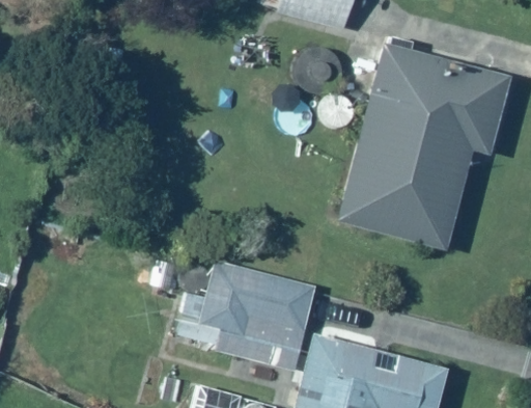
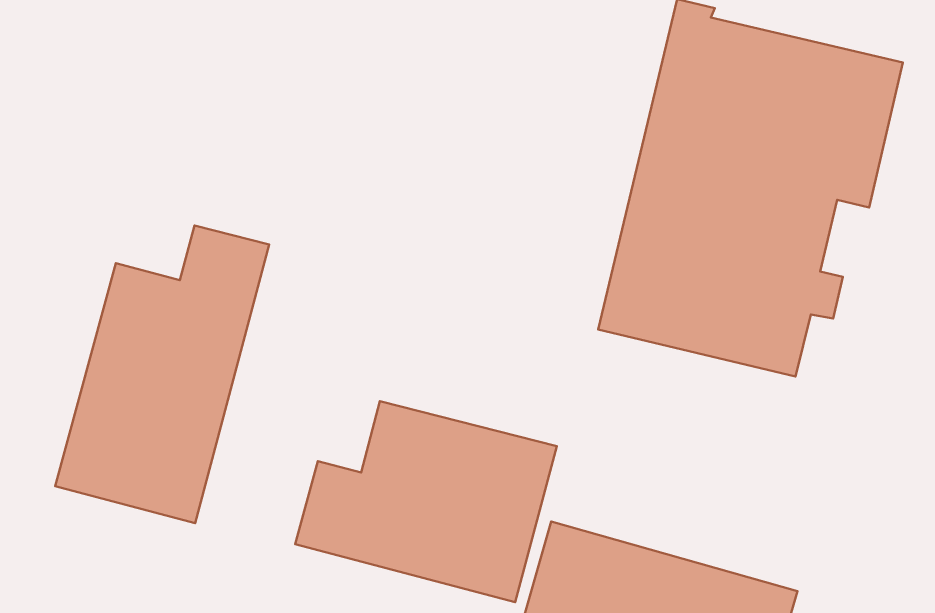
building: none -> [55,225,269,523]

